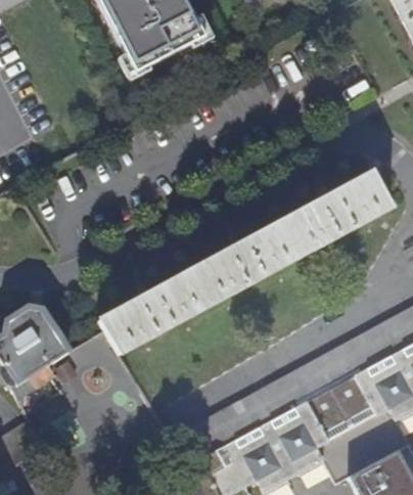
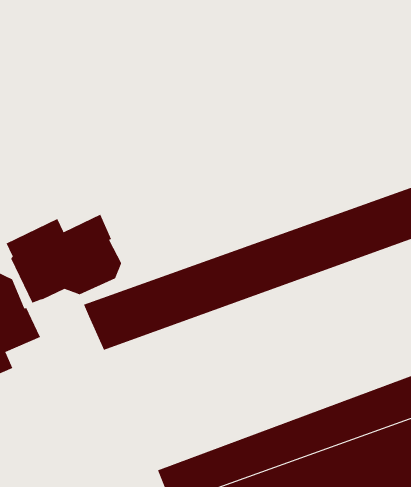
building: none -> [6,214,122,303]

